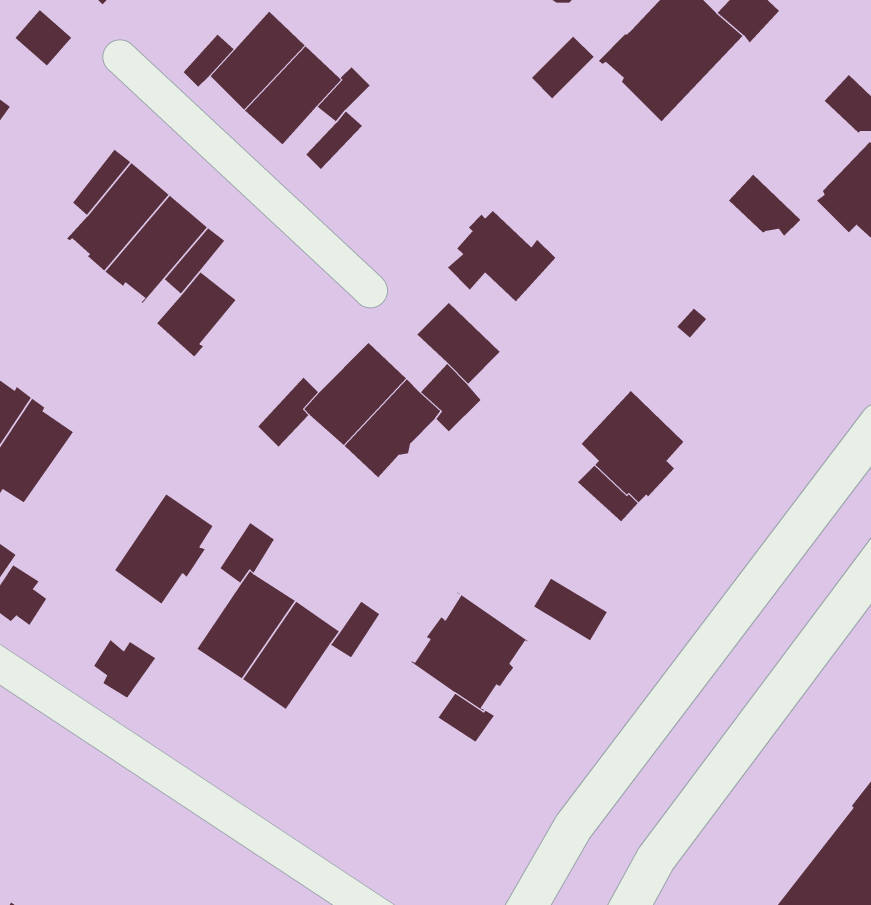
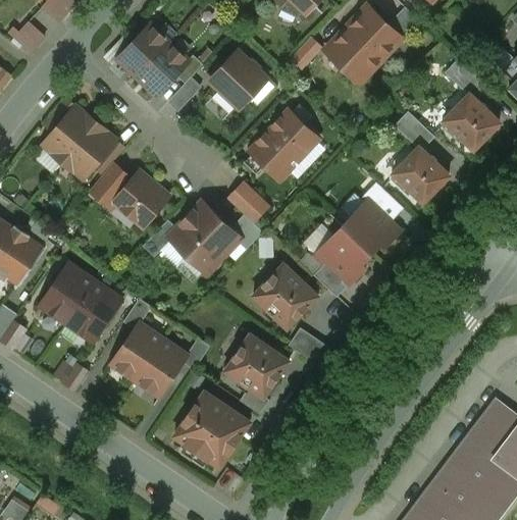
building: none -> [209,52,266,108]
building: none -> [268,105,318,156]
building: none -> [391,147,448,202]
building: none -> [112,170,169,227]
building: none -> [342,201,399,254]
building: none -> [252,263,315,328]
building: none -> [41,265,94,322]
building: none -> [173,392,249,466]

